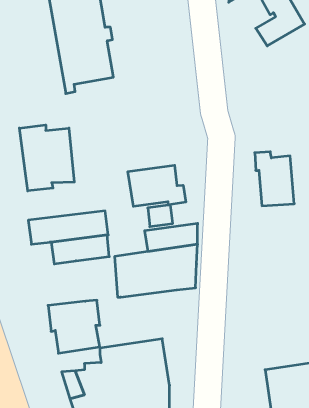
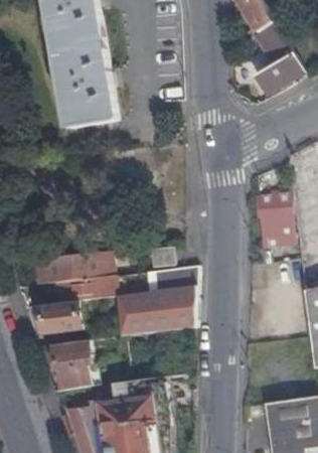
building: [19,125,74,191] -> none
building: [128,165,186,206] -> none
building: none -> [38,300,82,333]

